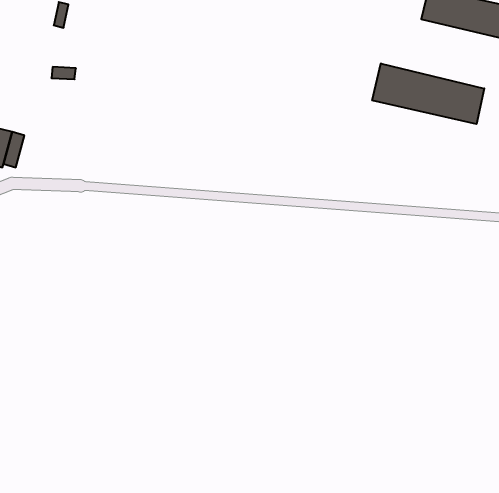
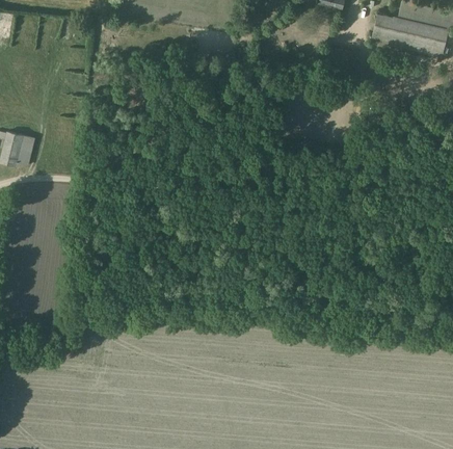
building: [372,63,484,124] -> none

